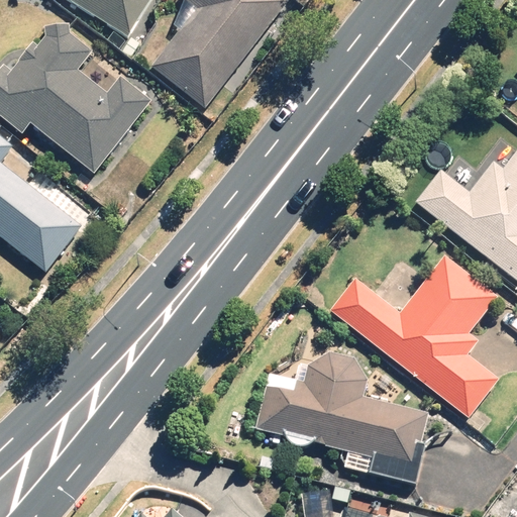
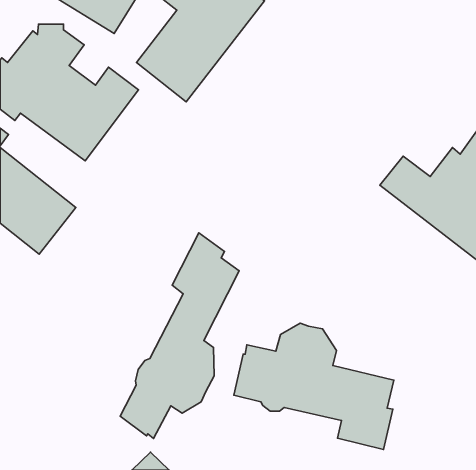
building: [328,251,502,420] -> none
building: none -> [120,233,239,439]

